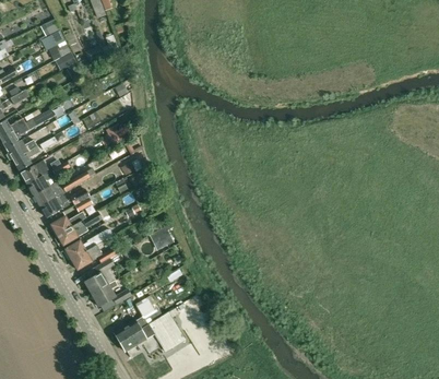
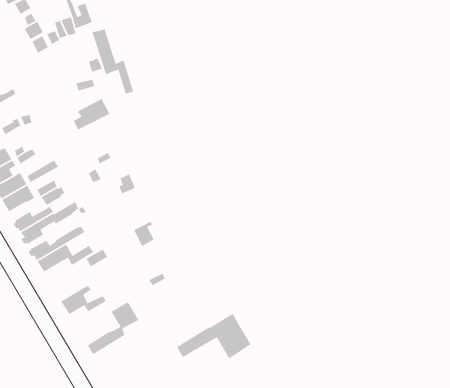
building: none -> [92,29,134,94]
building: [84,259,117,295] -> none
building: [120,312,186,353] -> [176,313,252,359]

